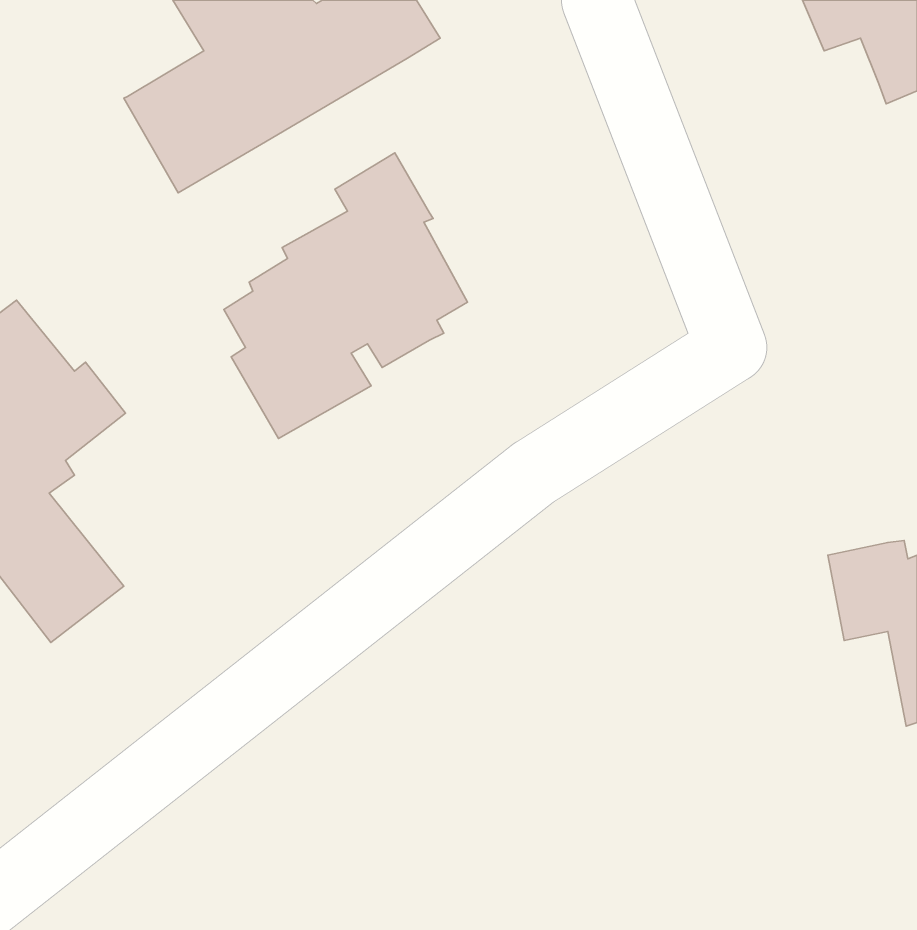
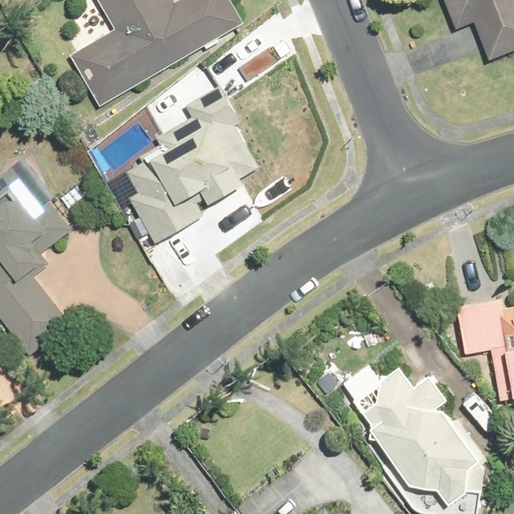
building: none -> [353,367,483,502]

